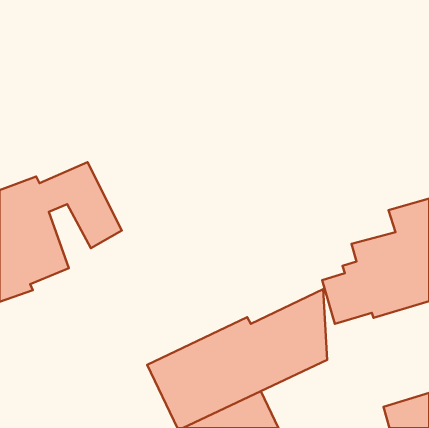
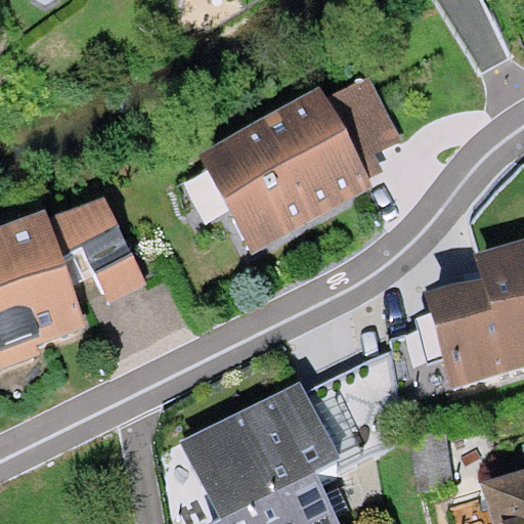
building: none -> [198,76,402,253]

